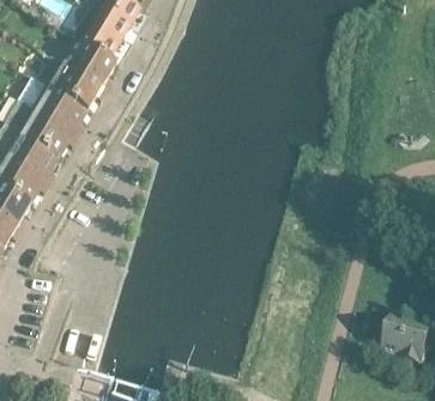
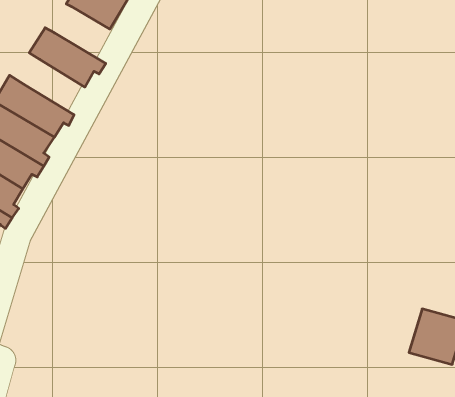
building: [60,37,116,89] -> none
building: [32,85,87,135] -> none

